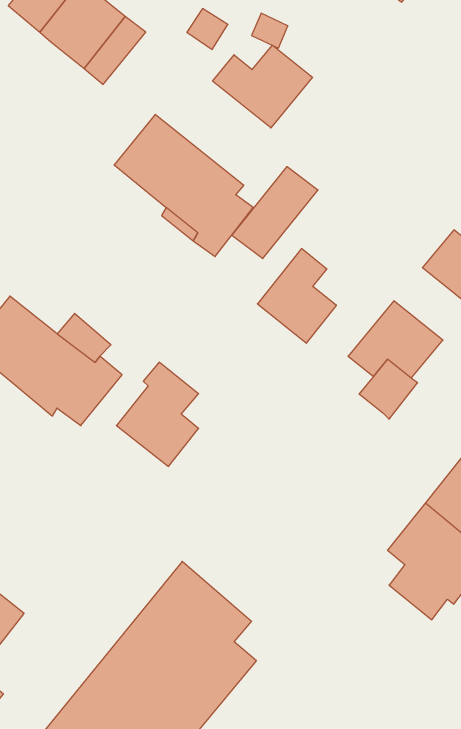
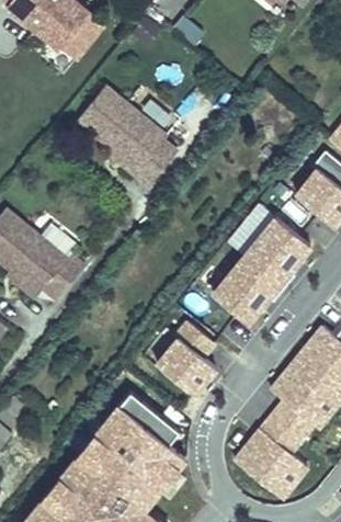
building: [213,45,313,128] -> none
building: [232,167,318,259] -> none
building: [257,249,336,343] -> [212,256,266,321]
building: [116,362,199,466] -> [160,324,217,396]
building: none -> [234,415,305,497]

